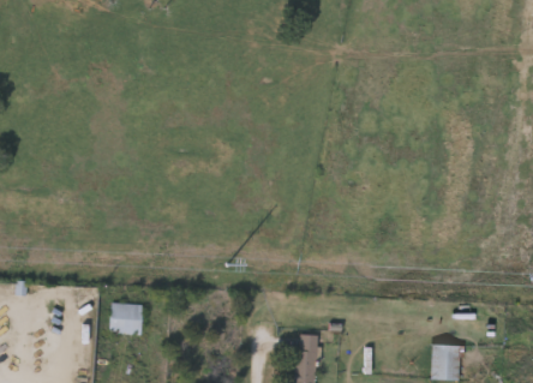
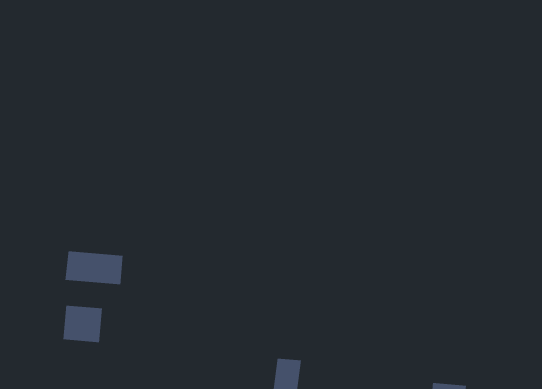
building: none -> [65,251,123,285]

